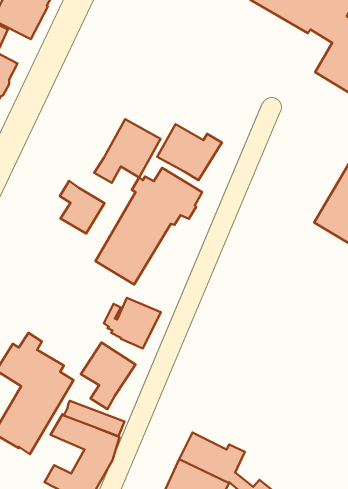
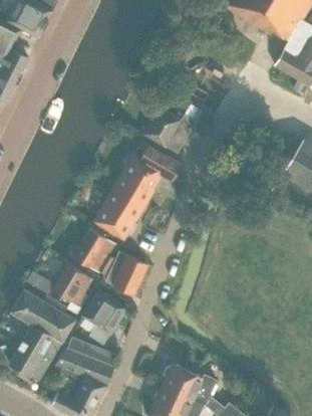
building: [94,119,160,183] -> none
building: [60,181,105,234] -> none
building: none -> [72,229,114,273]
building: none -> [51,264,91,306]

